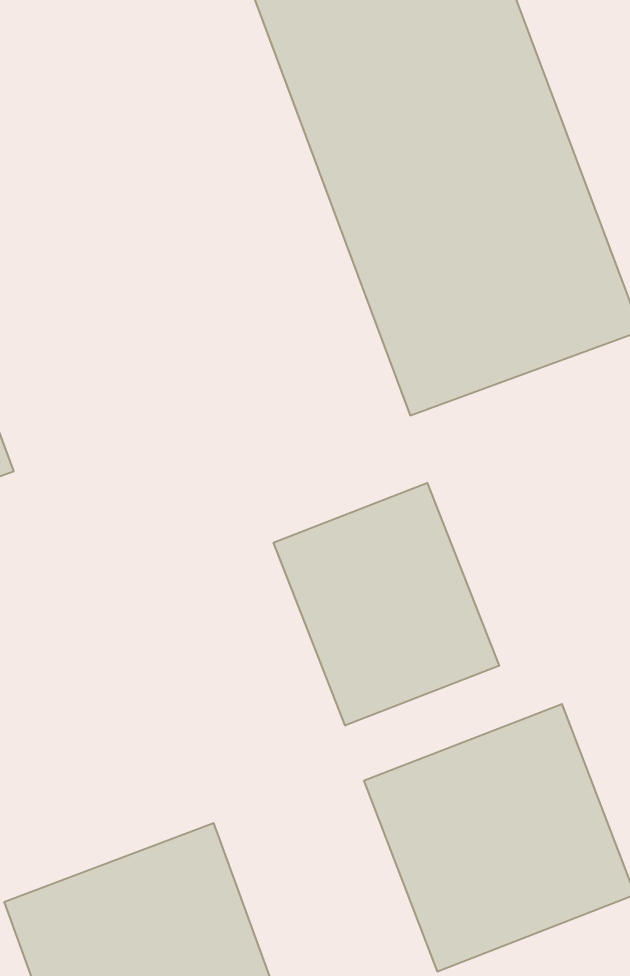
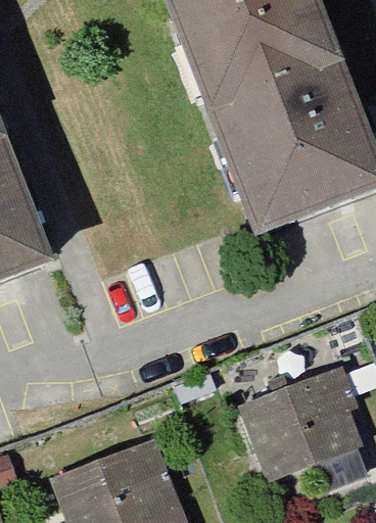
building: [274,483,499,726] -> none

